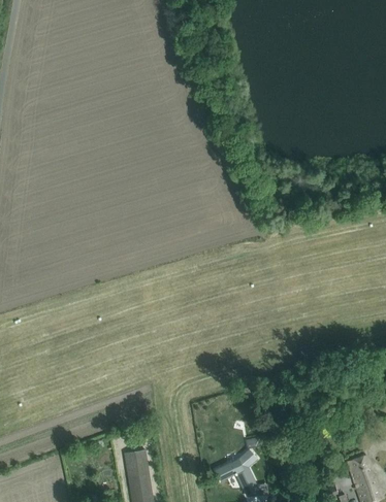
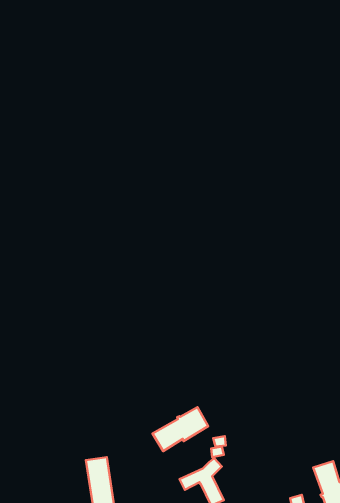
building: none -> [153,407,208,451]

